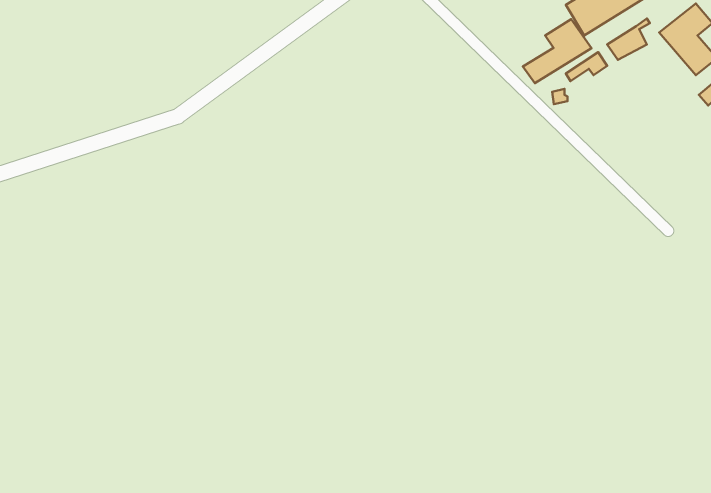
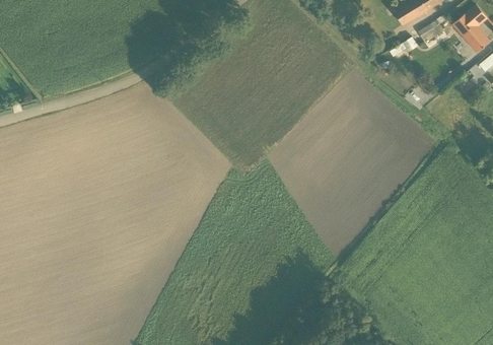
building: [523,19,592,83] -> none

